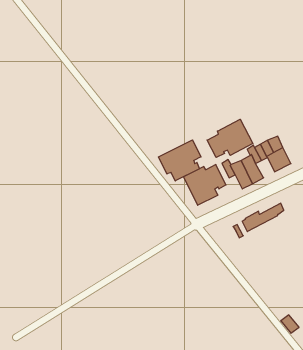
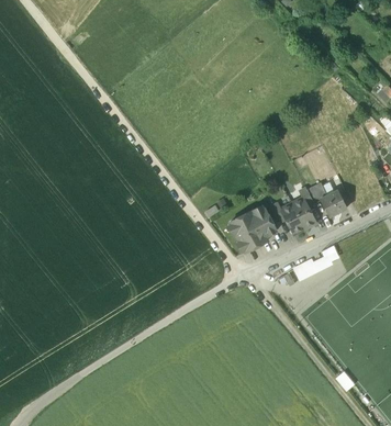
building: [207,119,253,157] -> none
building: [158,140,201,181] -> none

